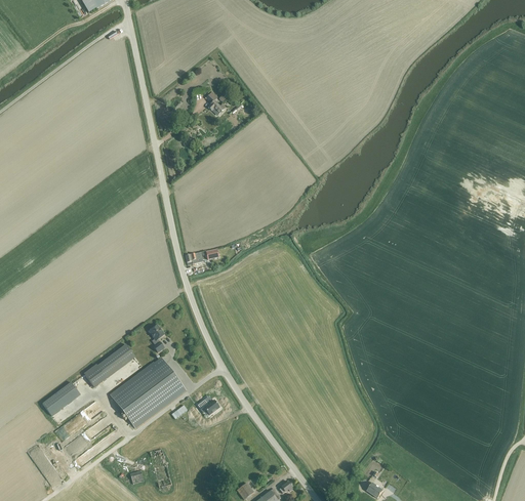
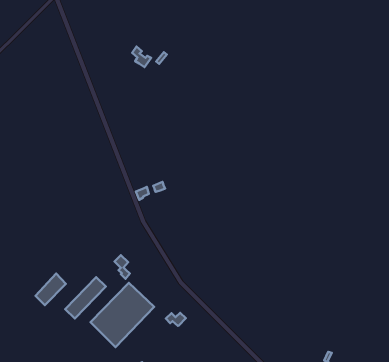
building: [42,381,79,415] -> [35,274,66,305]

